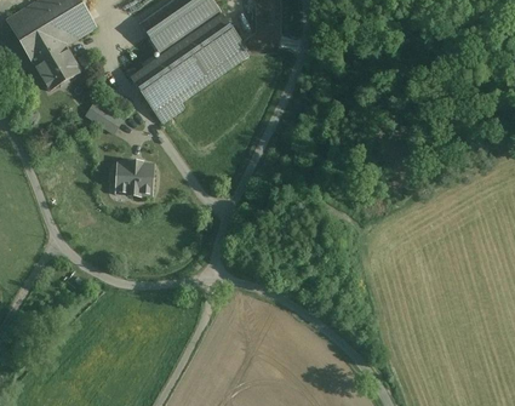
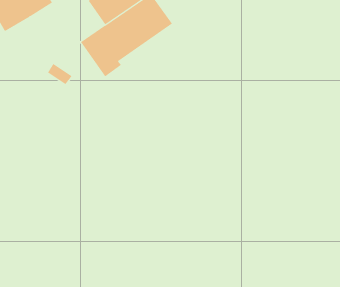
building: [34,44,81,90] -> none
building: [113,161,153,194] -> none

